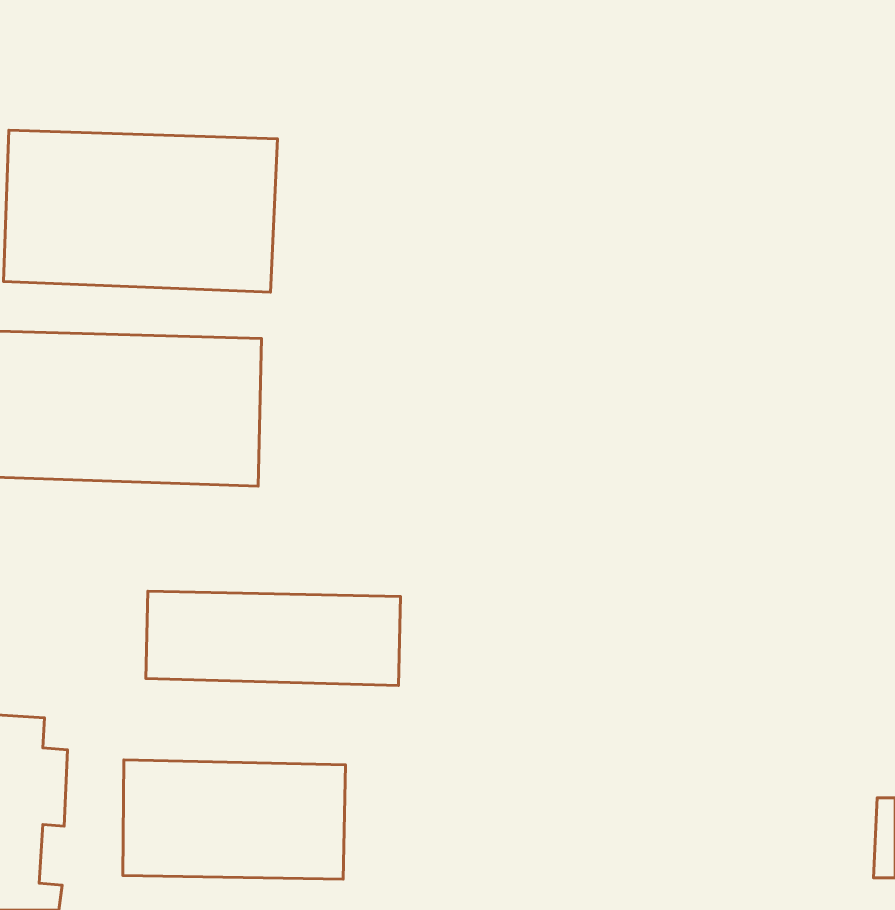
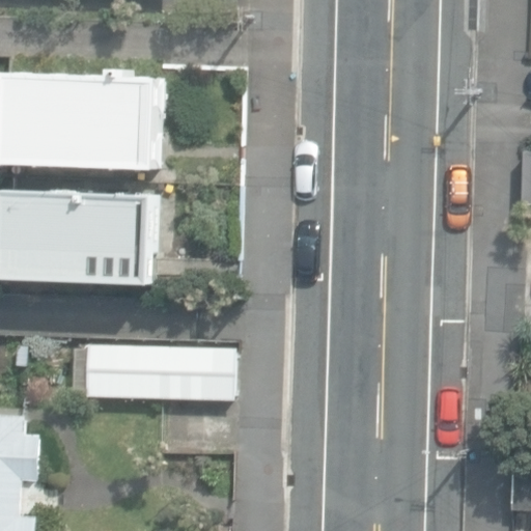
building: [123,760,345,879] -> none

